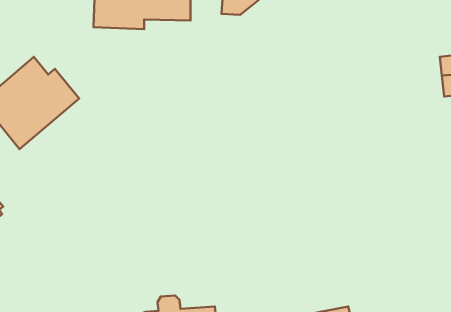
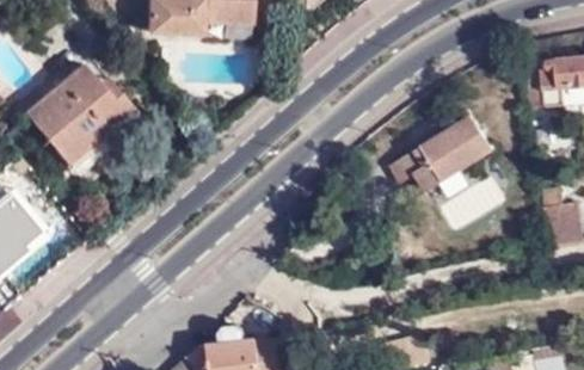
building: none -> [386,109,491,190]

